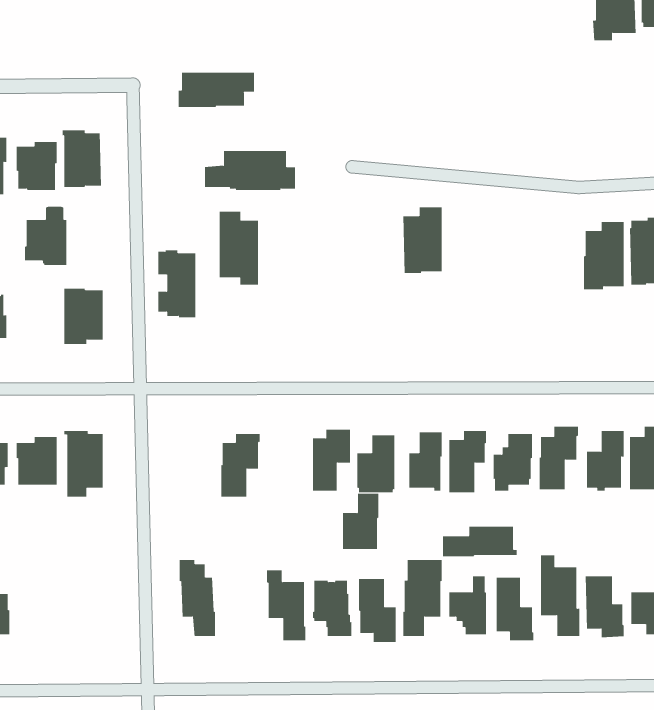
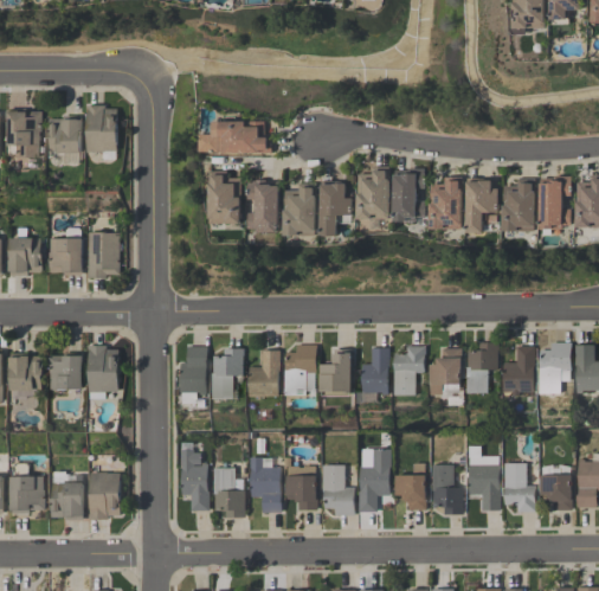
building: [178,72,254,108] -> none
building: [24,206,67,265] -> [47,229,82,276]
building: none -> [394,169,426,224]
building: none -> [431,179,463,232]
building: none -> [468,180,498,236]
building: none -> [285,184,317,238]
building: none -> [322,185,353,237]
building: [158,250,196,318] -> [250,180,281,235]
building: none -> [180,347,207,403]
building: [342,493,379,550] -> [250,352,279,397]
building: [443,526,517,557] -> none
building: none -> [213,469,244,519]
building: none -> [50,473,83,521]
building: none -> [88,473,118,520]

